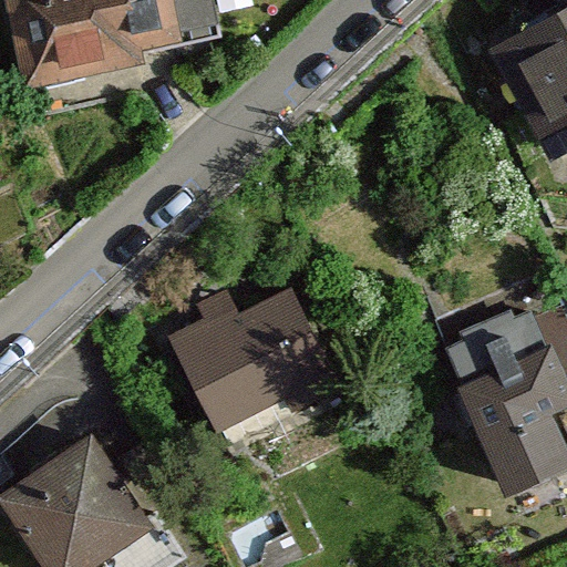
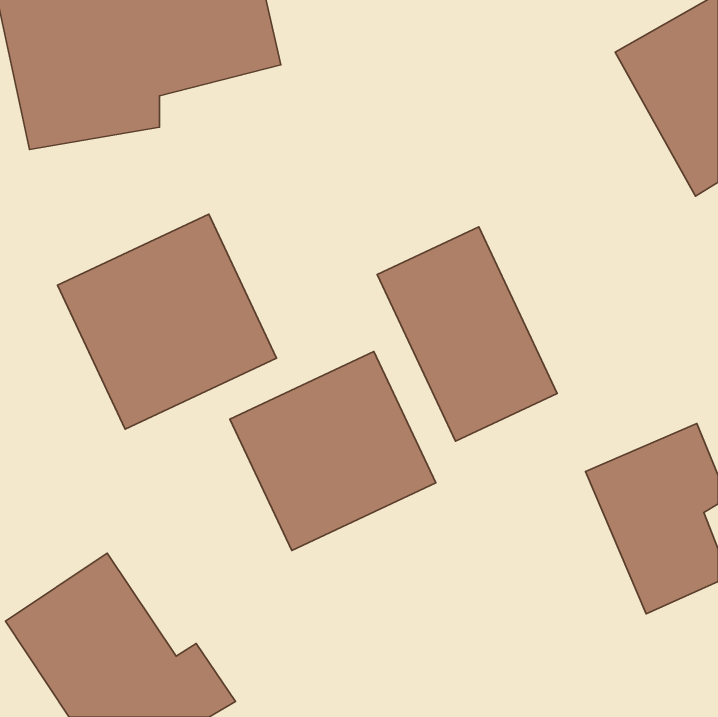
building: none -> [57,214,277,429]
building: none -> [377,227,557,441]

